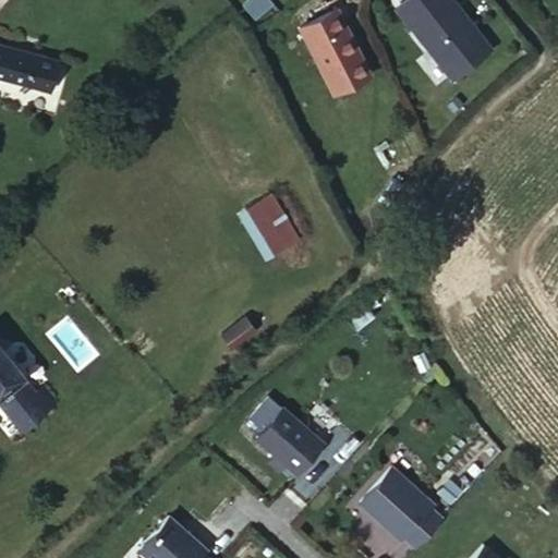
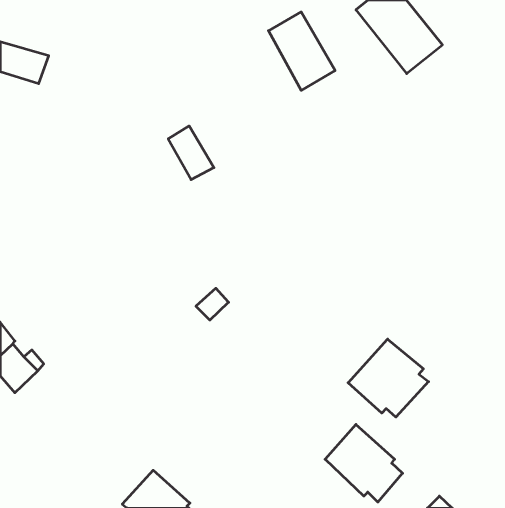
building: [251,198,301,257] -> [168,126,214,180]
building: none -> [348,339,429,417]
building: [256,408,326,478] -> none

